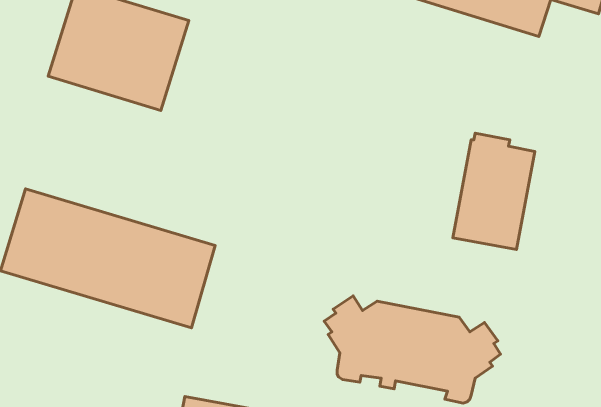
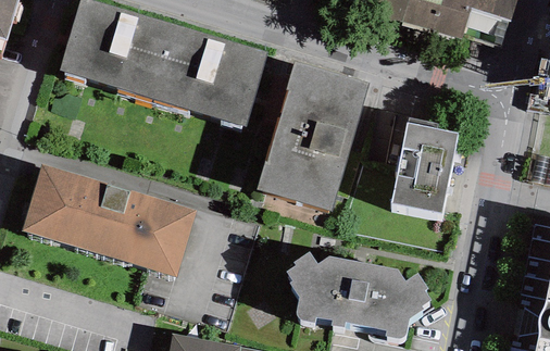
building: none -> [151,26,266,128]
building: none -> [255,61,368,212]

